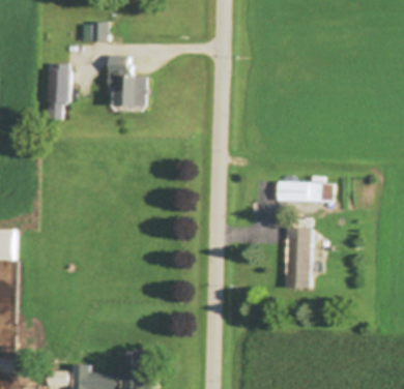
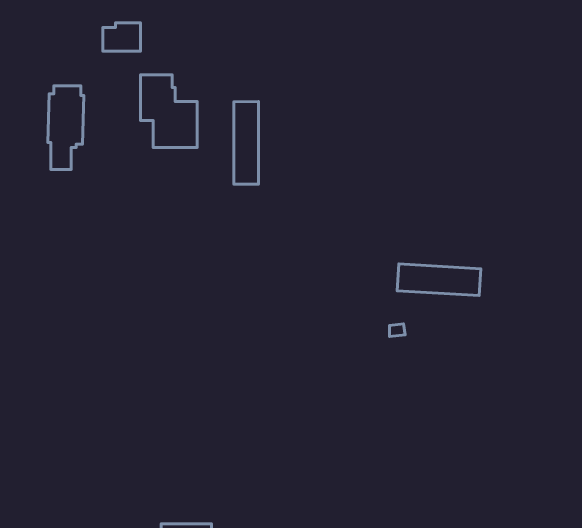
building: none -> [234,102,258,184]
building: [285,230,311,289] -> none

